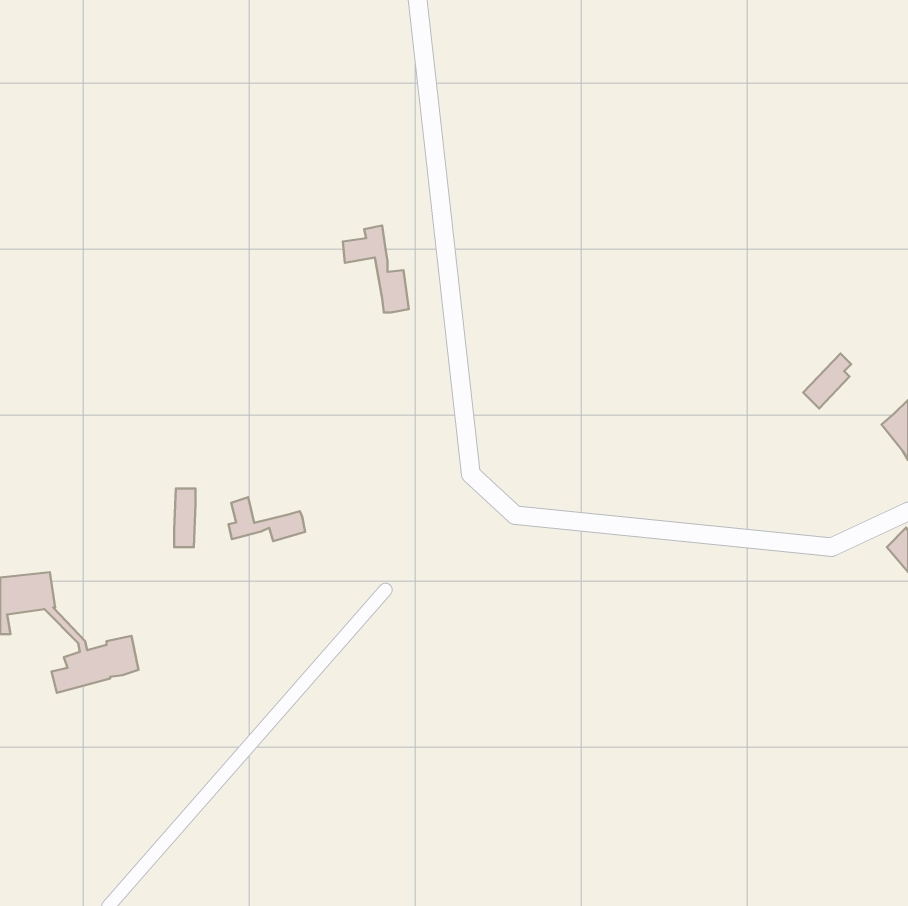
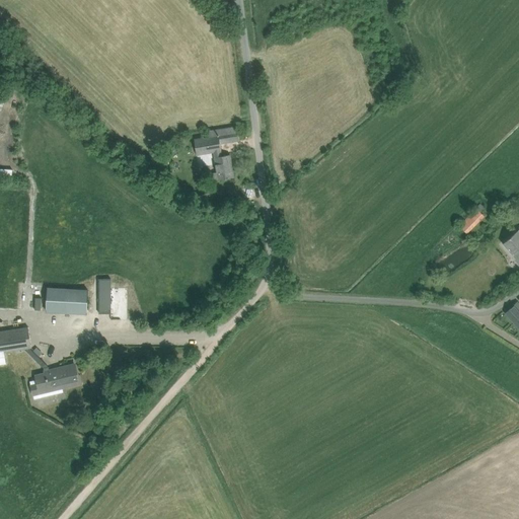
building: [229,497,305,541] -> none
building: none -> [41,288,83,314]

